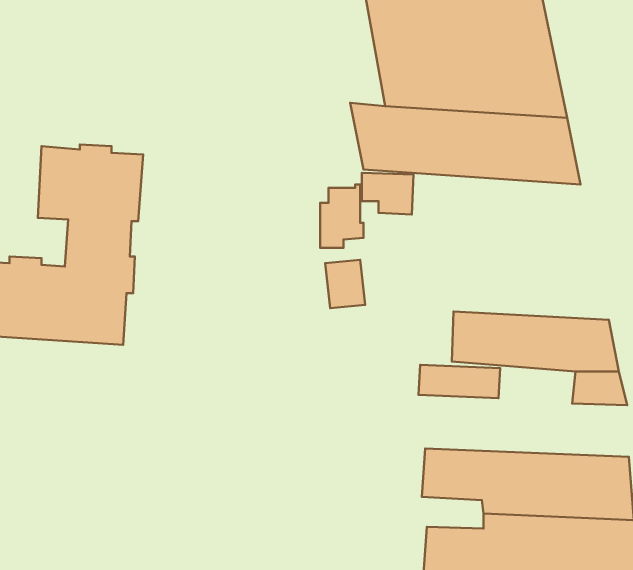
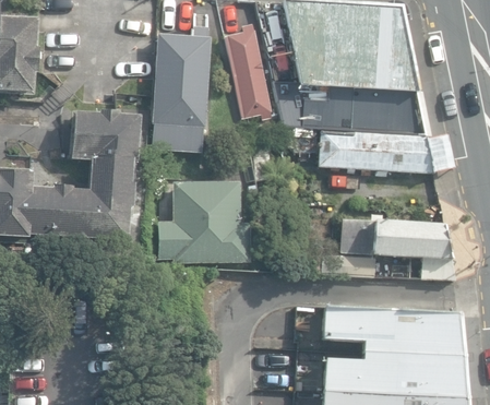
building: none -> [224,22,273,118]
building: none -> [151,25,211,152]
building: none -> [320,129,455,170]
building: none -> [158,179,252,261]

